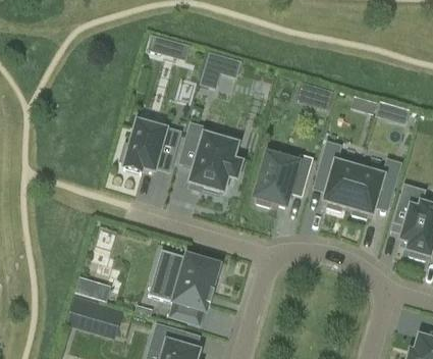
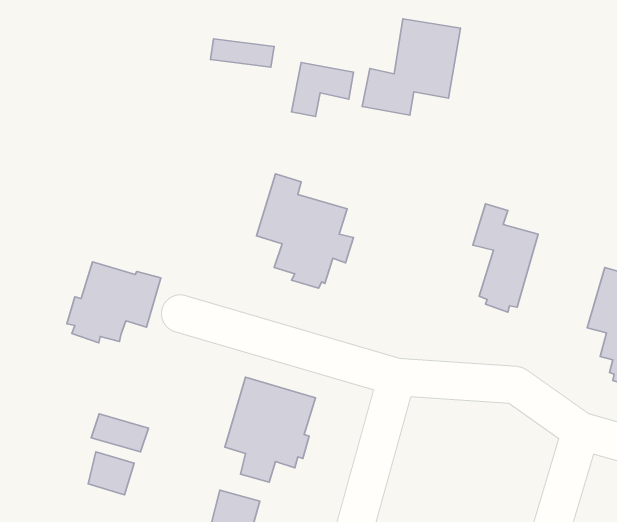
building: none -> [362,19,461,115]
building: [120,121,180,173] -> [67,262,161,343]
building: [254,153,313,207] -> none
building: [347,159,401,218] -> none

